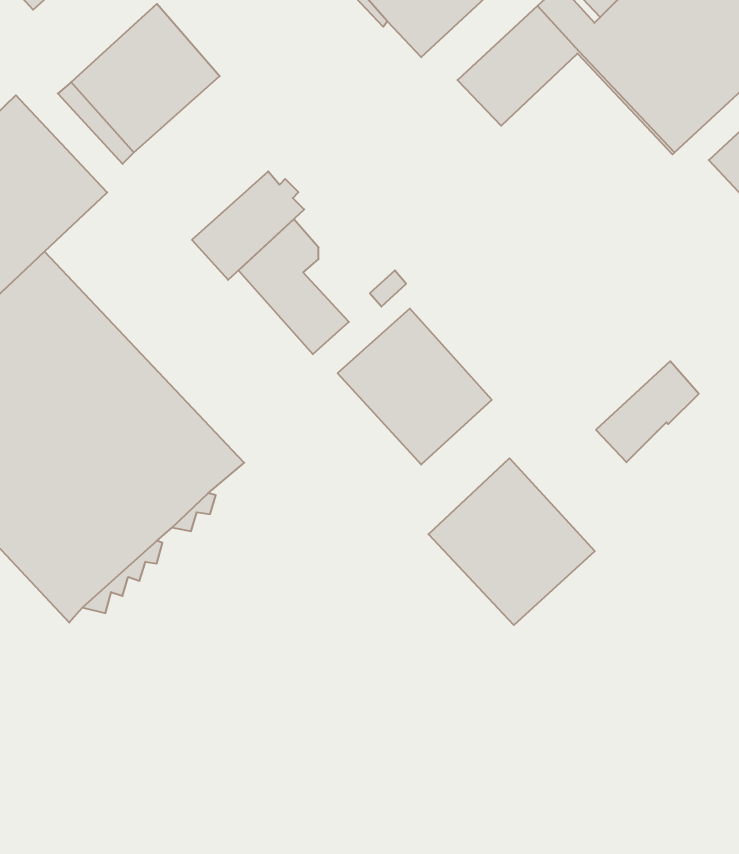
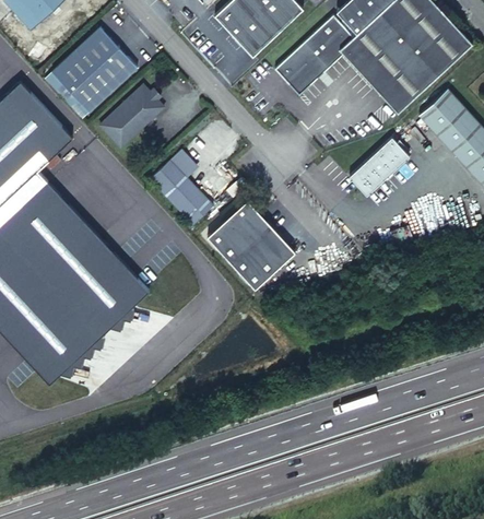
building: [192,171,304,280] -> [98,85,163,148]
building: [596,361,699,462] -> [346,139,405,197]
building: [428,458,595,625] -> none

